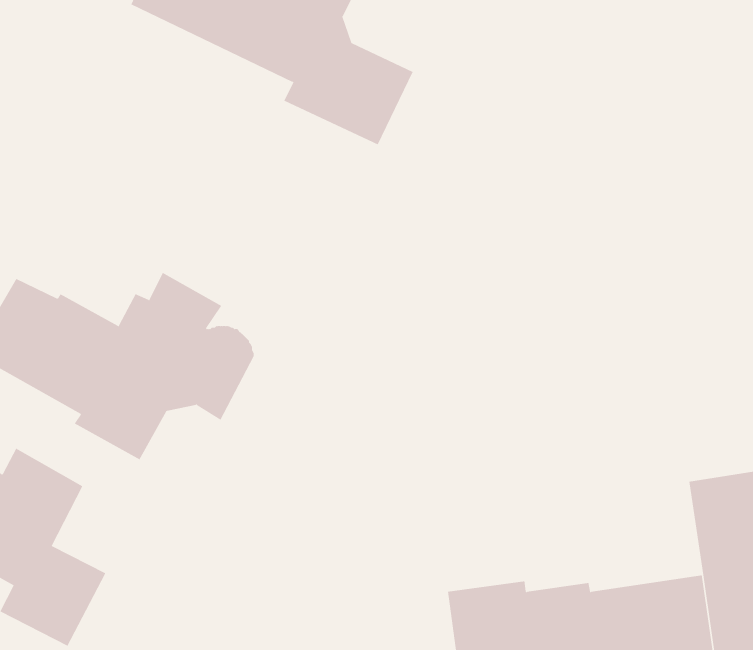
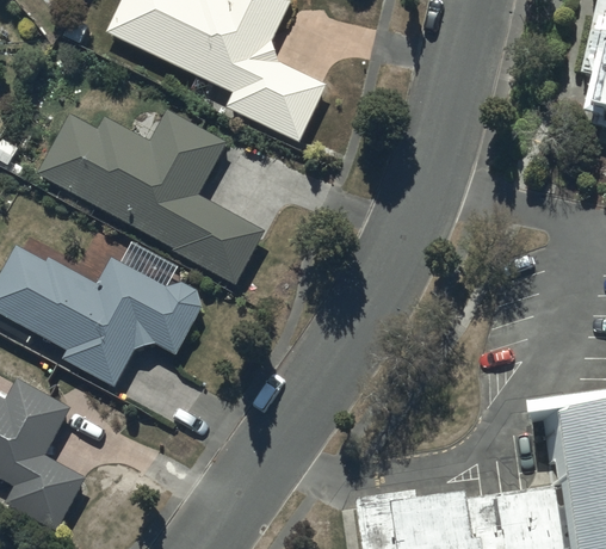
building: none -> [37,109,265,285]

